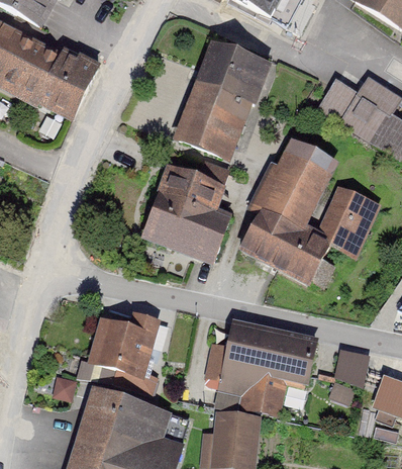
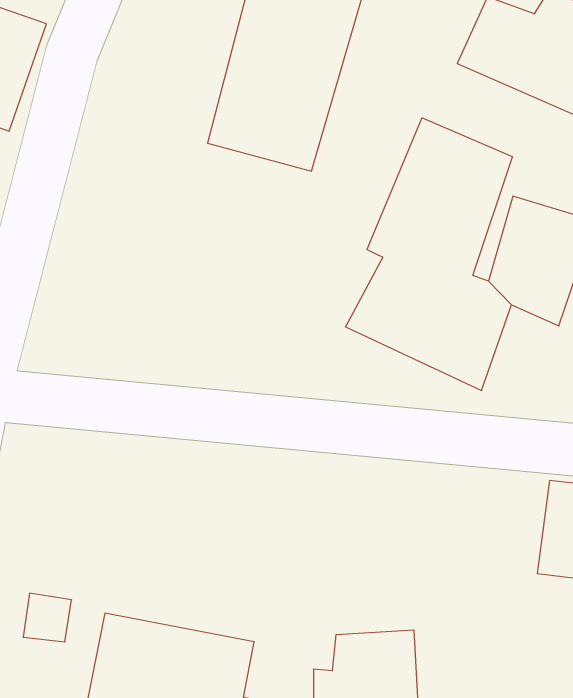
building: [143,165,230,263] -> none
building: [89,311,159,377] -> none
building: [219,319,319,414] -> none

